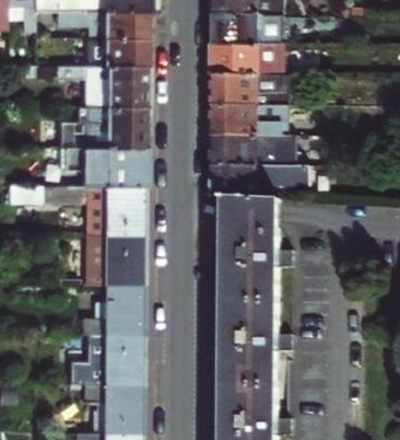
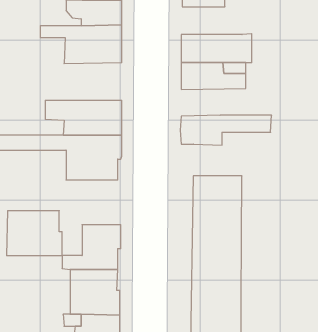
building: [212,47,279,78] -> none
building: [62,108,146,150] -> none
building: [212,137,310,167] -> none
building: [225,198,280,233] -> none
building: [84,238,145,287] -> [7,211,62,256]

